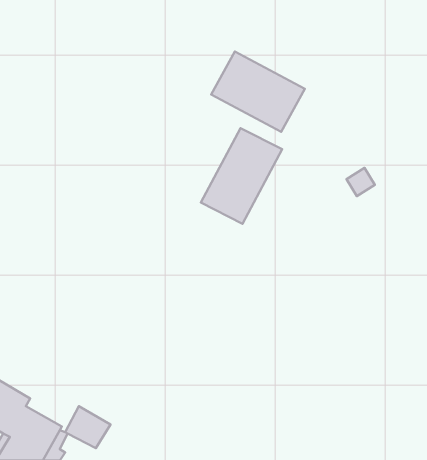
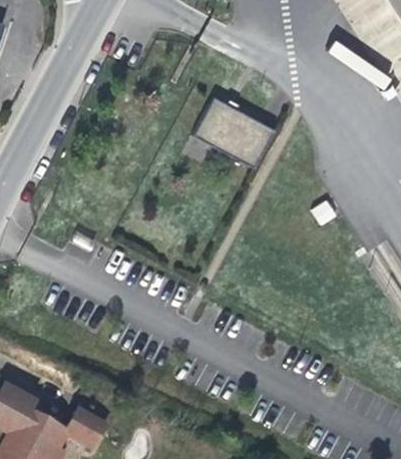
building: [201,128,282,224] -> none

